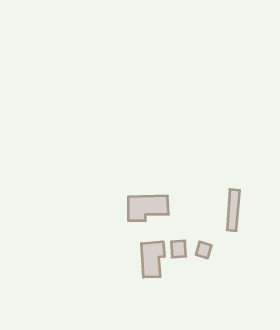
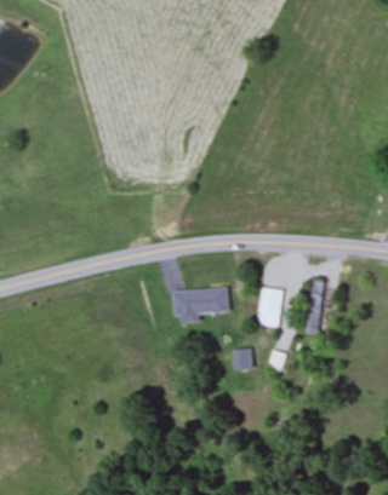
building: none -> [257,287,283,326]
building: [141,242,164,277] -> none

